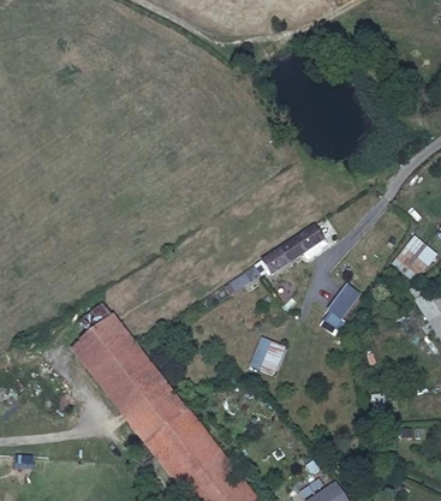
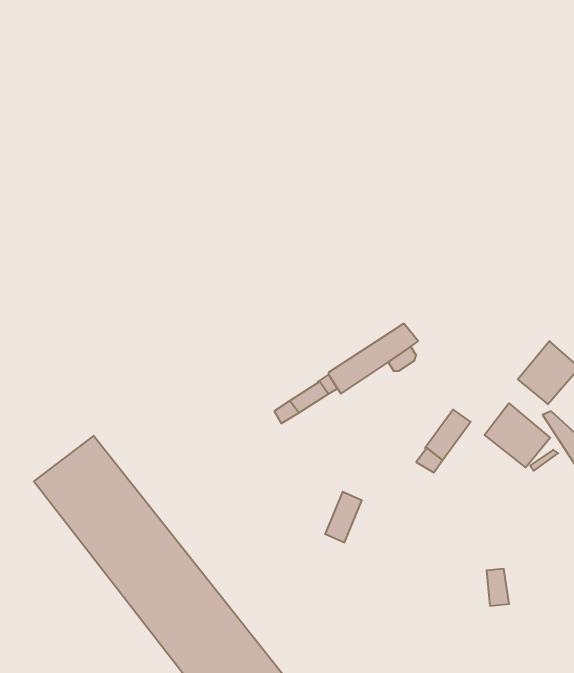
building: none -> [485,403,550,468]

